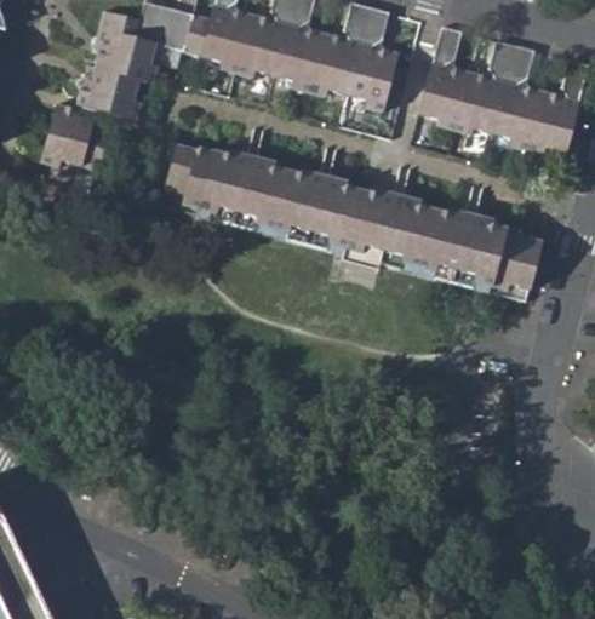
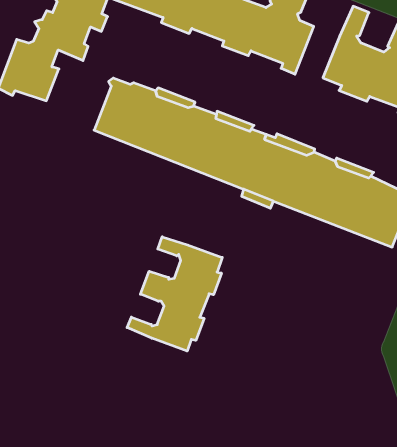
building: none -> [127,237,222,351]

